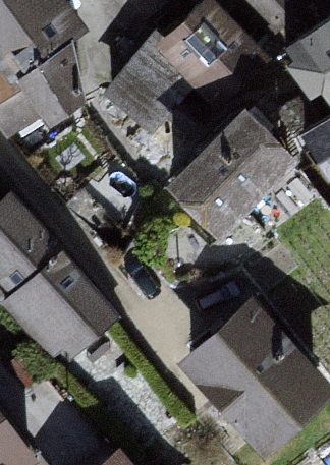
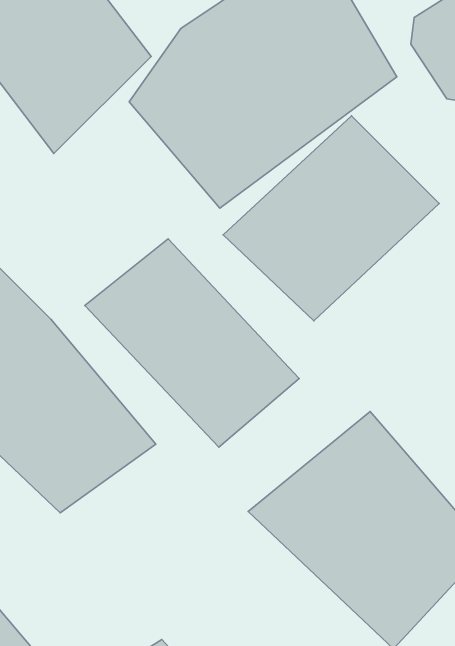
building: none -> [85,239,299,447]

